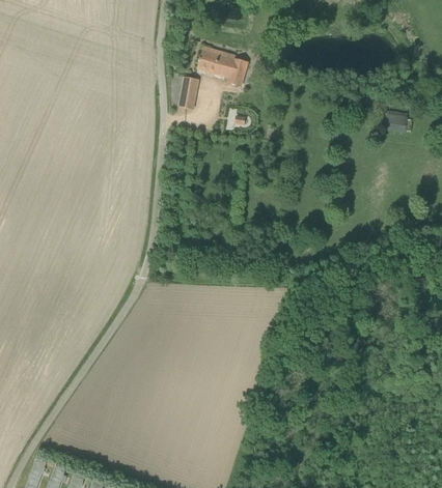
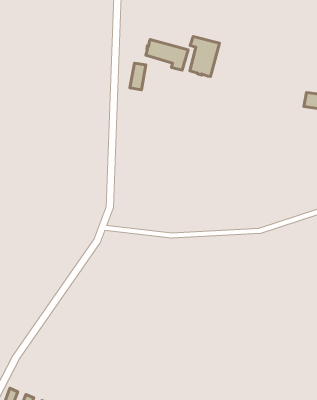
building: none -> [190,36,220,77]

